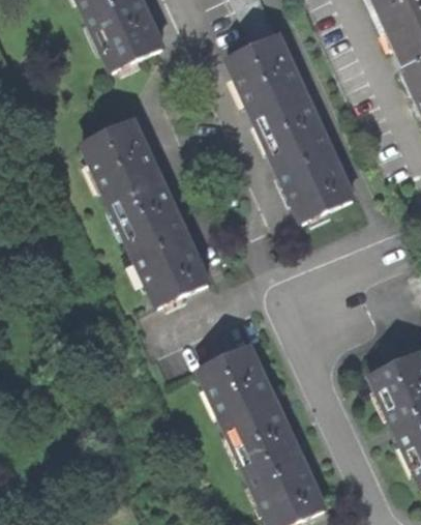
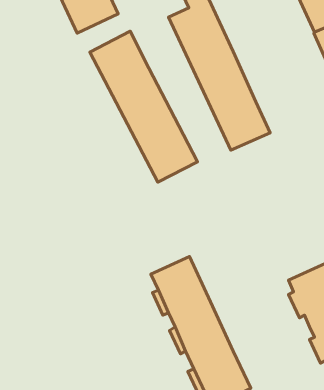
building: [76,119,208,305] -> [90,31,197,182]

